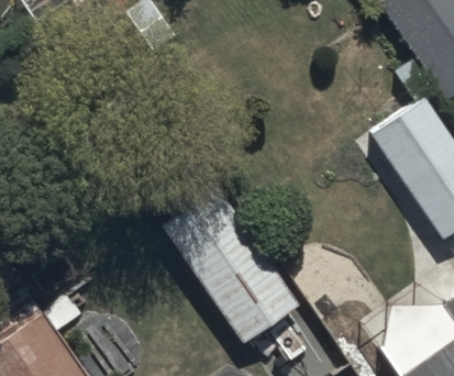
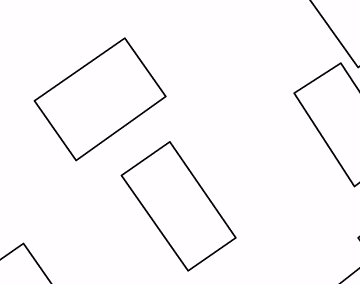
building: none -> [35,38,166,160]

